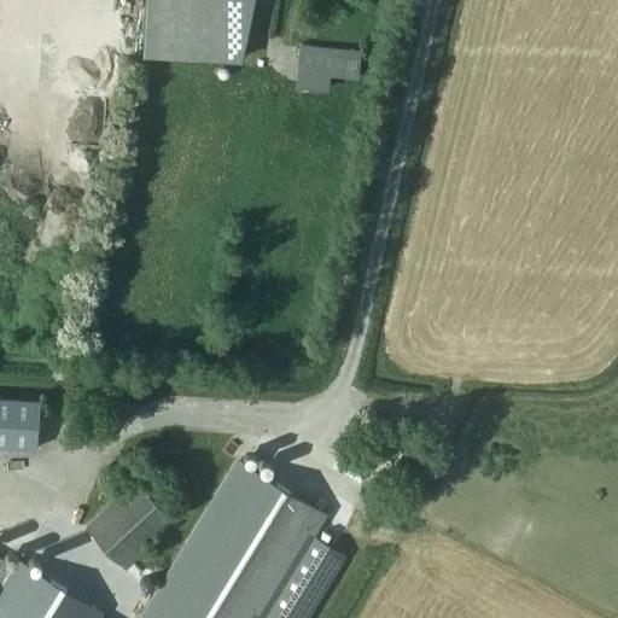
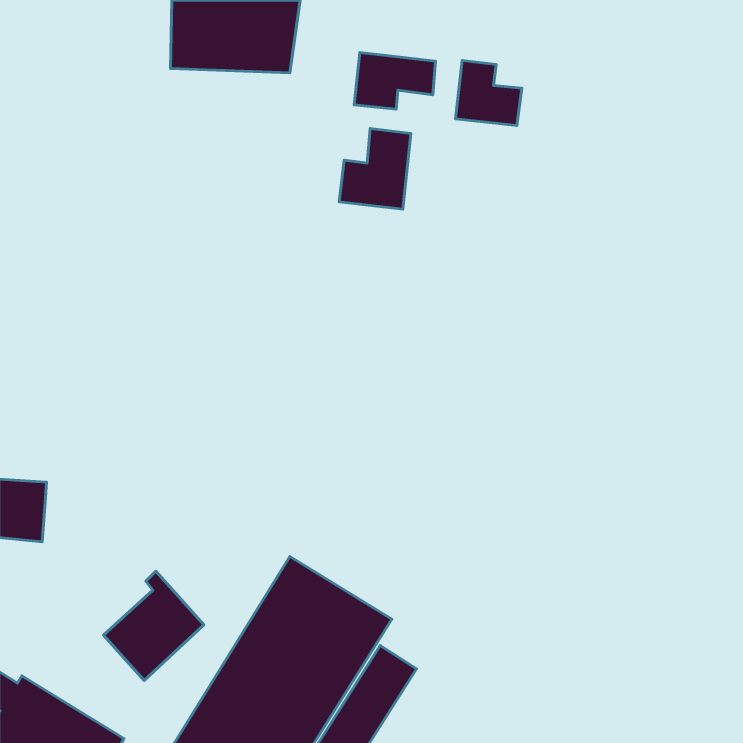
building: none -> [456,61,522,125]
building: none -> [339,128,411,209]

